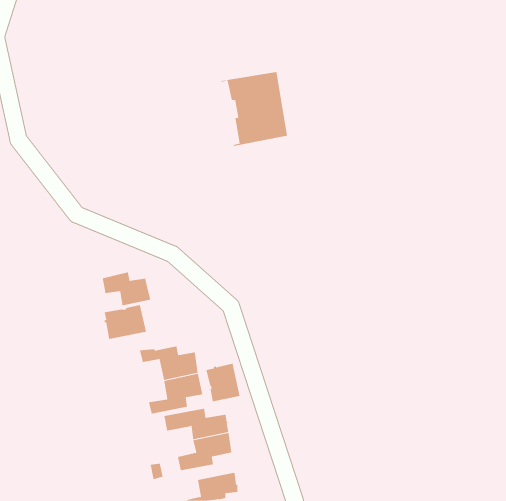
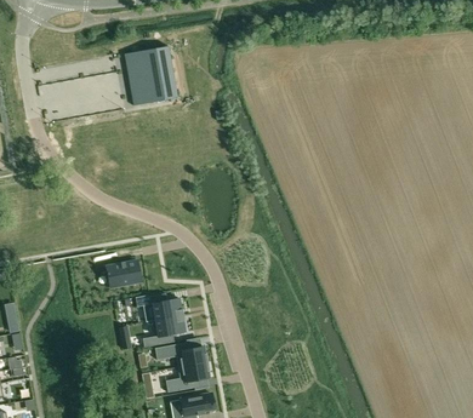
building: [221,72,288,146] -> [124,46,177,105]
building: [102,271,151,306] -> none
building: [206,363,240,402] -> none

